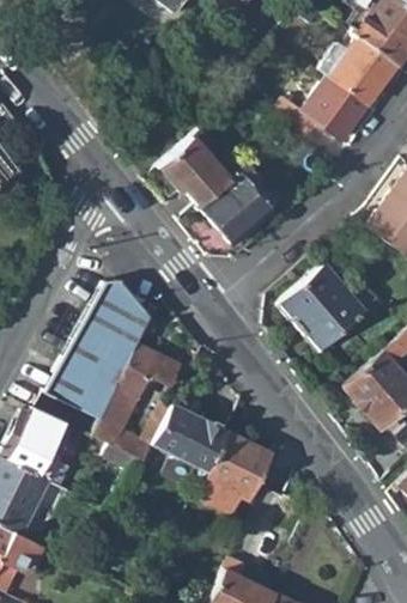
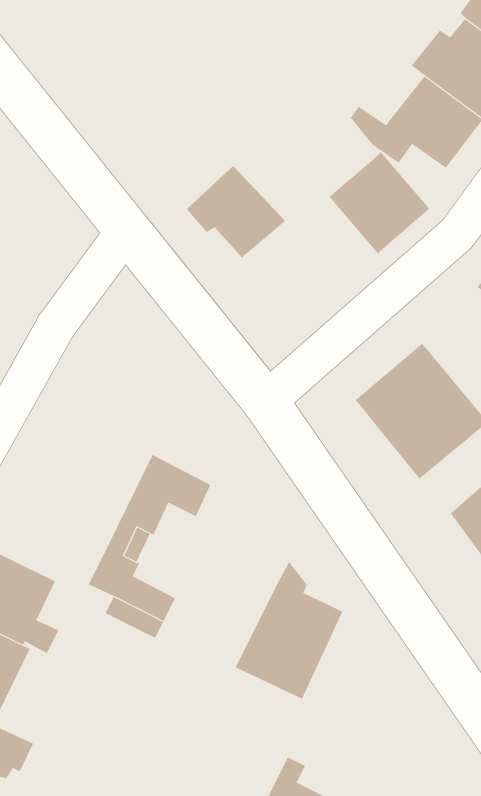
building: [200,170,272,243] -> [329,151,430,254]
building: [50,281,150,416] -> none
building: [153,403,226,470] -> none

